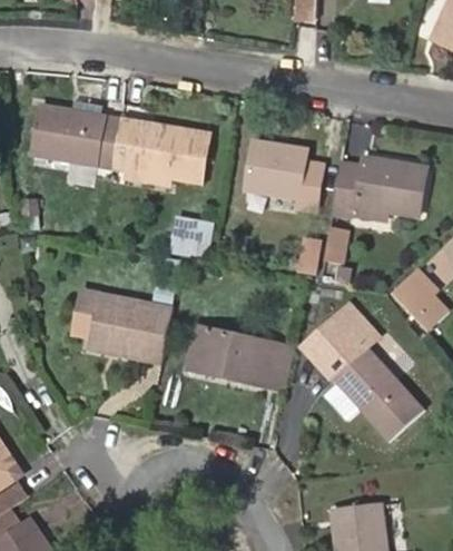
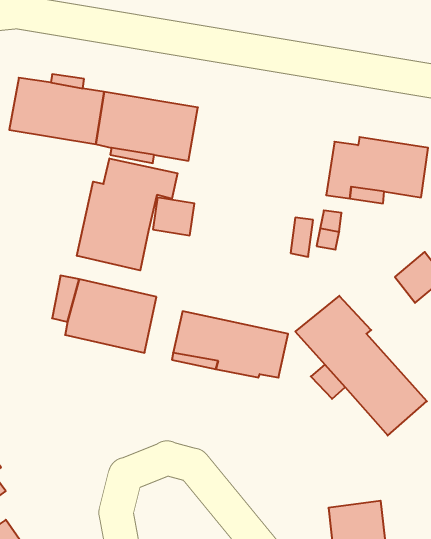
building: [245,139,323,213] -> none
building: none -> [77,158,178,270]

